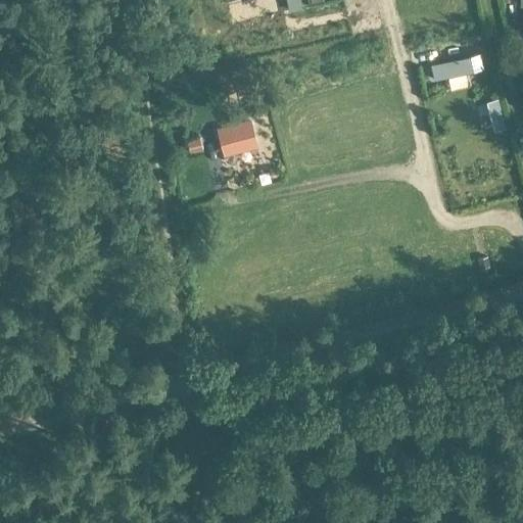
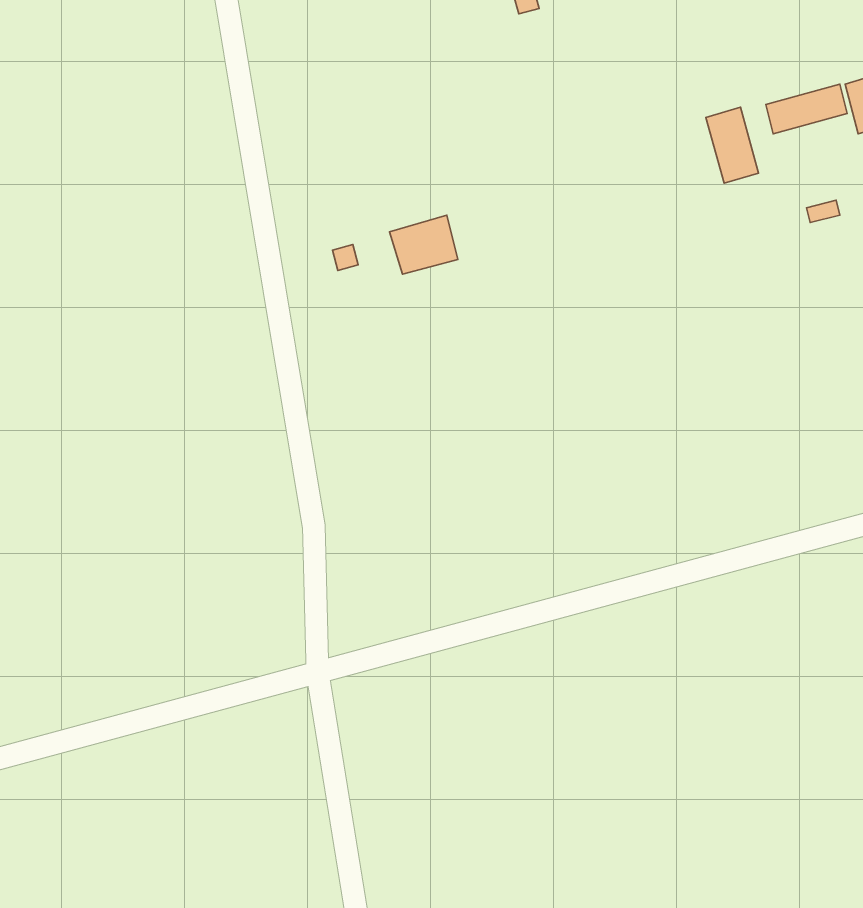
building: none -> [706,107,759,183]

